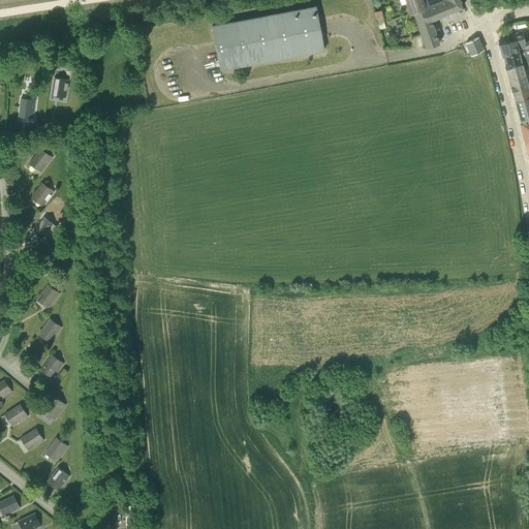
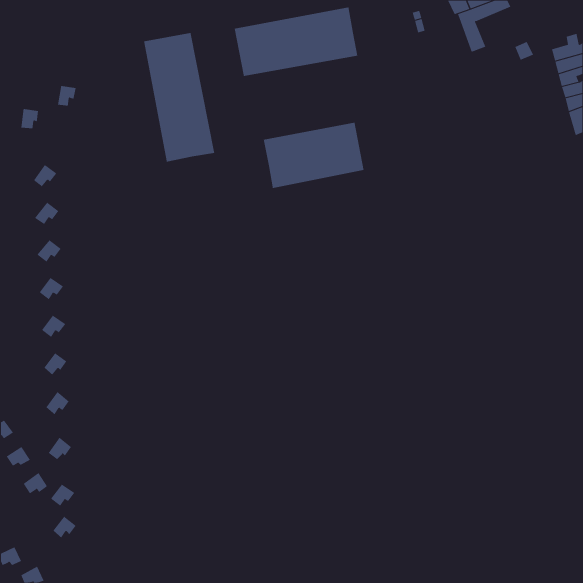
building: none -> [144,32,215,163]
building: none -> [263,122,364,189]

